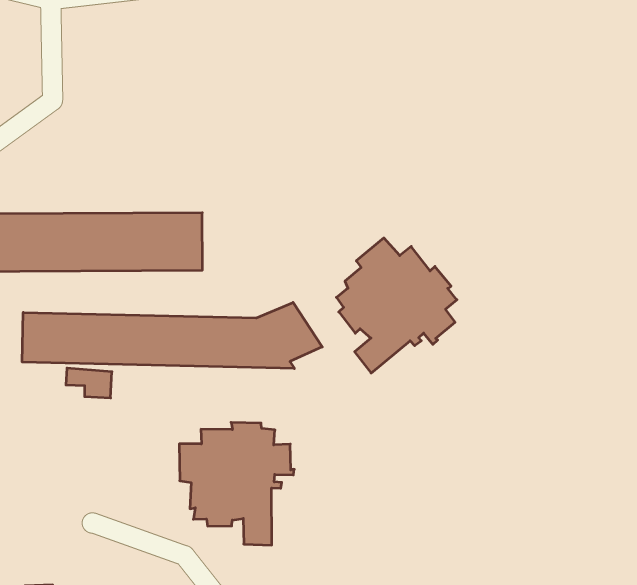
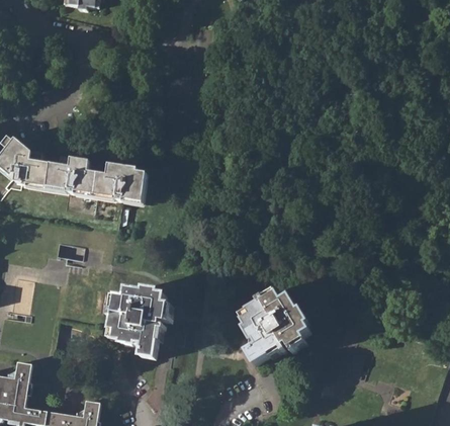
building: [336,238,457,373] -> [241,289,306,362]
building: [22,302,322,369] -> none

